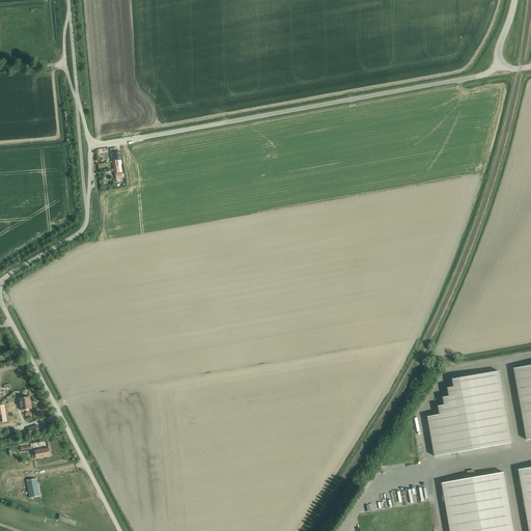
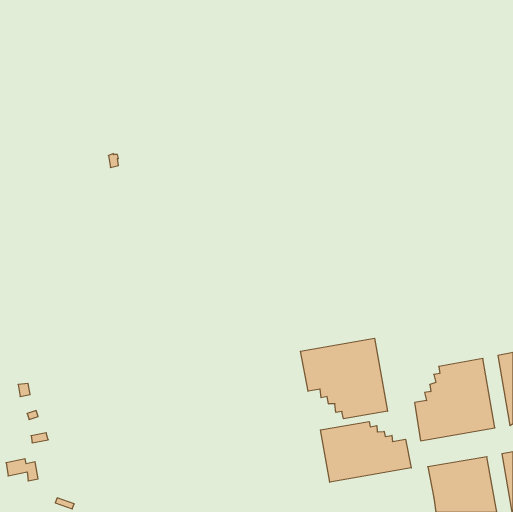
building: none -> [300,338,388,419]
building: none -> [320,422,411,482]

